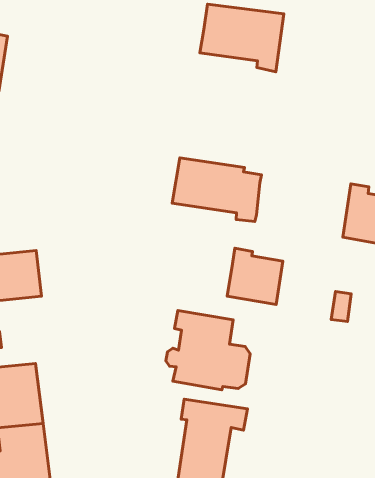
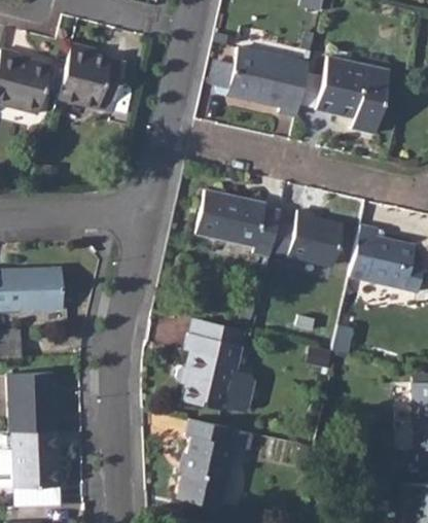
building: none -> [315,55,388,134]
building: none -> [57,43,124,114]
building: [227,248,283,305] -> [289,209,344,265]

